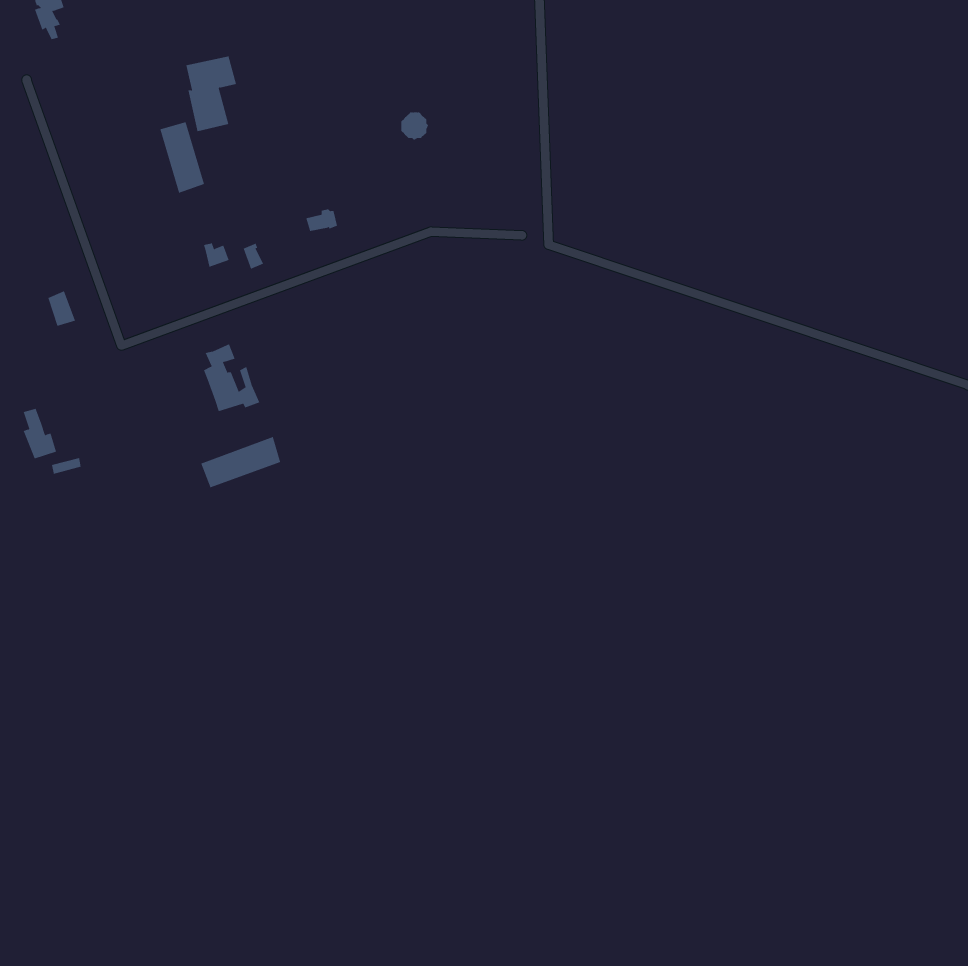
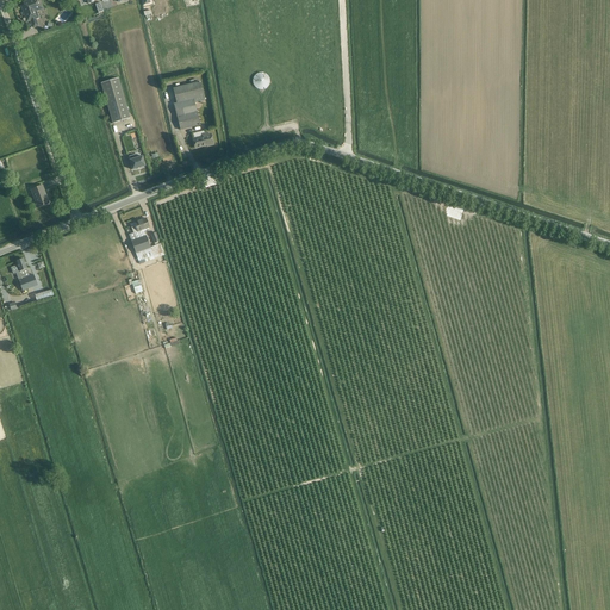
building: [185,56,237,132] -> [172,80,204,127]
building: [201,436,281,488] -> none

